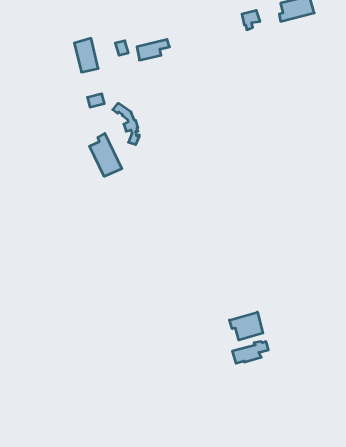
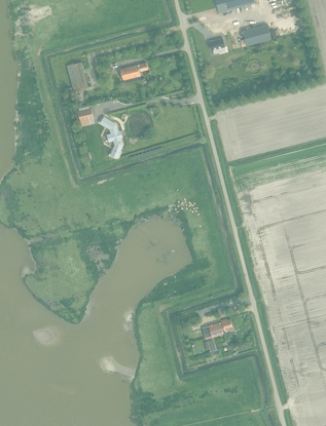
building: [90,133,122,176] -> none
building: [229,312,263,340] -> none

